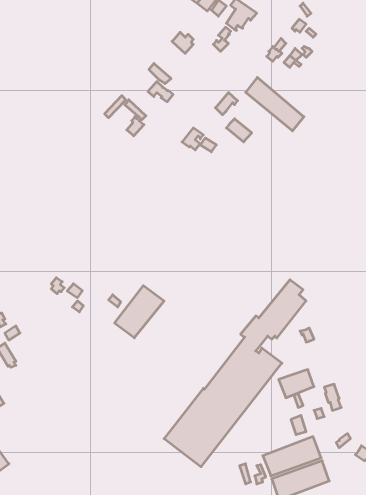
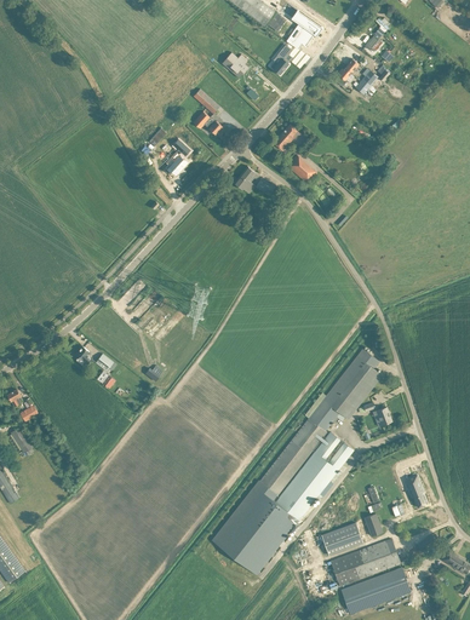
building: [246,77,304,131] -> none
building: [115,286,164,338] -> none
building: [279,370,314,398] -> [320,522,362,556]

